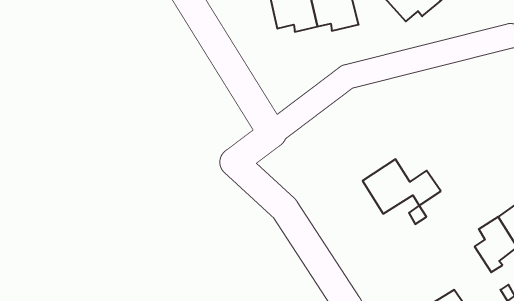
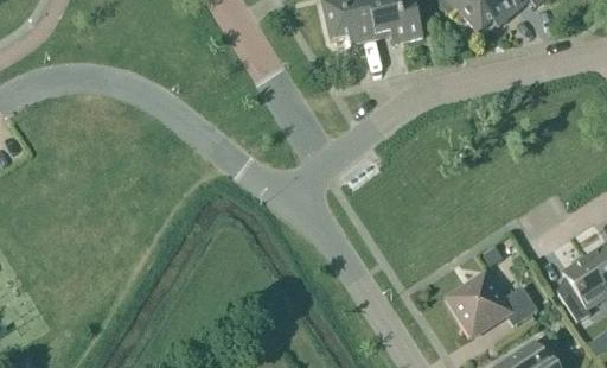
building: [363,159,441,214] -> [448,272,538,335]

